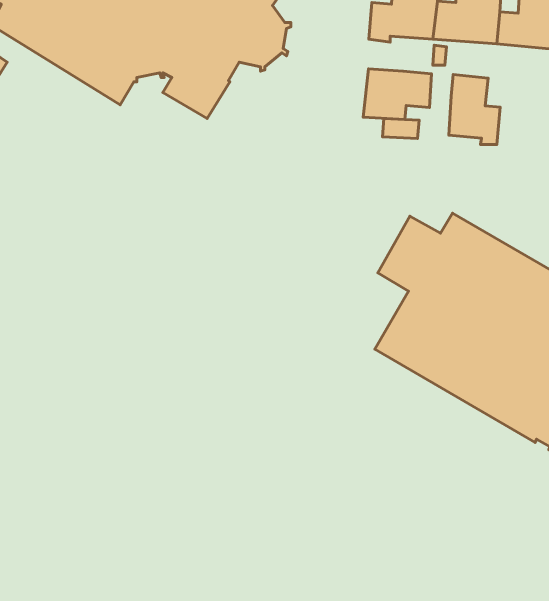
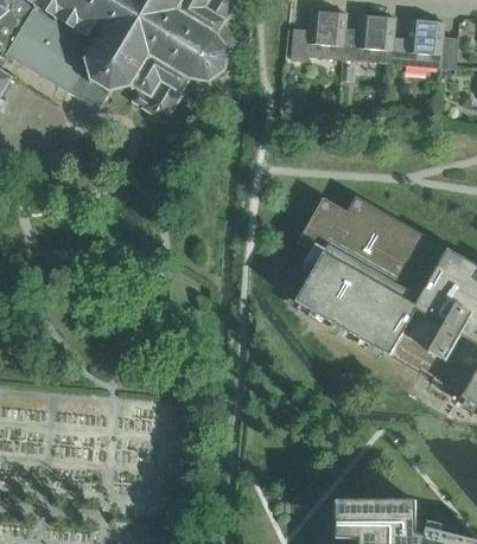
building: [363,69,431,120] -> none
building: [449,75,500,144] -> none

